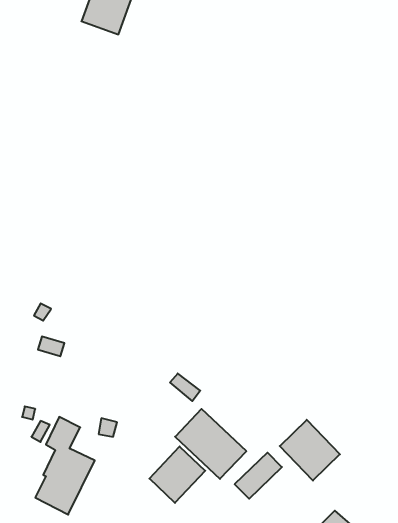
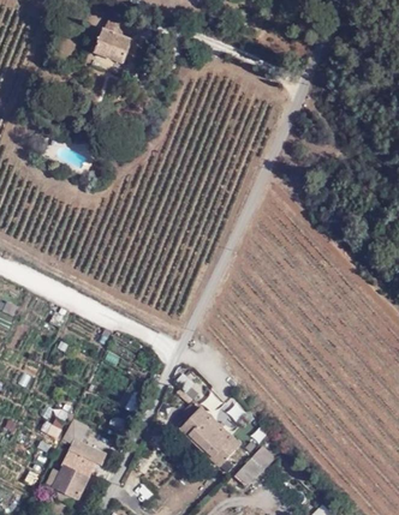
building: [280,420,340,481] -> none
building: [149,446,205,503] -> none

